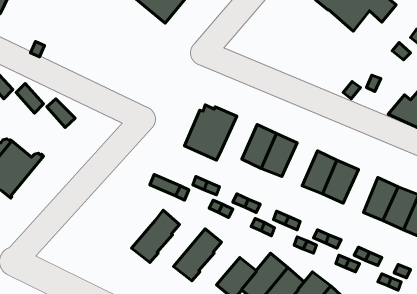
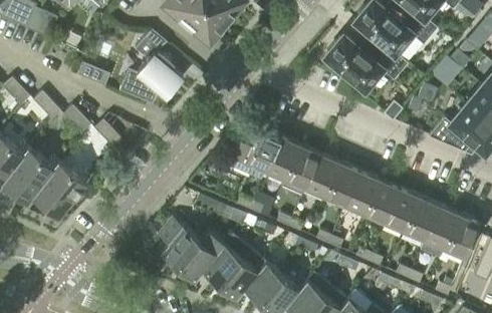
building: none -> [326,32,408,88]
building: none -> [119,37,183,103]
building: none -> [265,136,300,179]
building: none -> [324,163,359,205]
building: none -> [385,189,419,231]
building: none -> [157,216,200,266]
building: none -> [202,233,249,284]
building: none -> [243,260,283,302]

